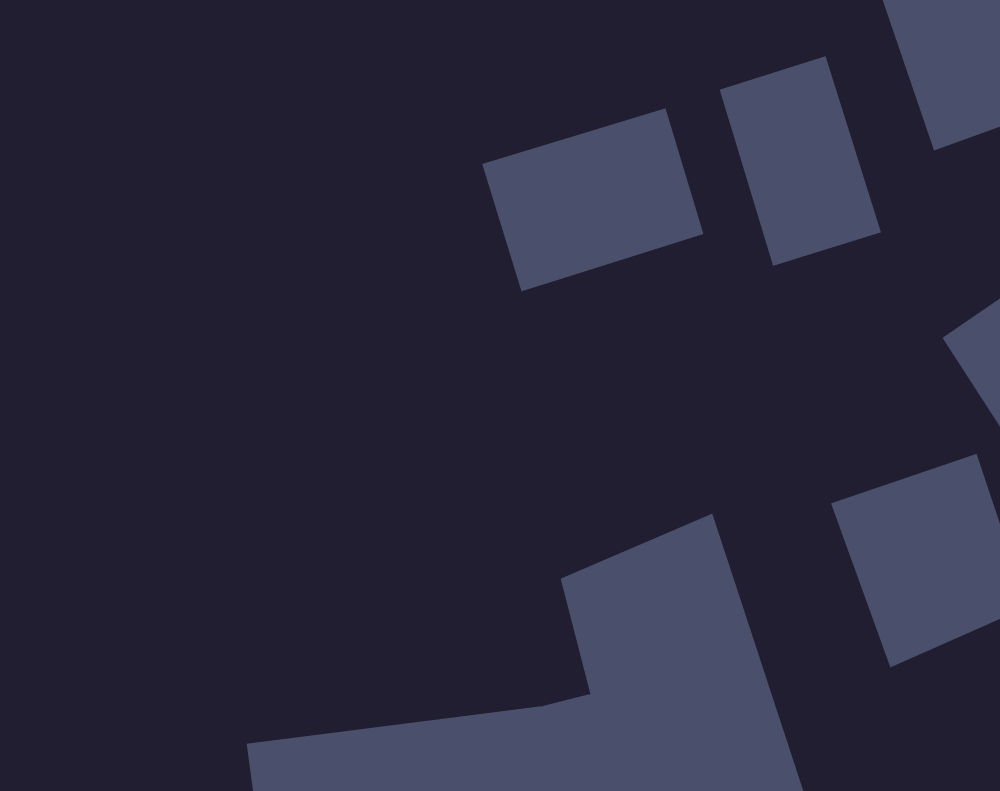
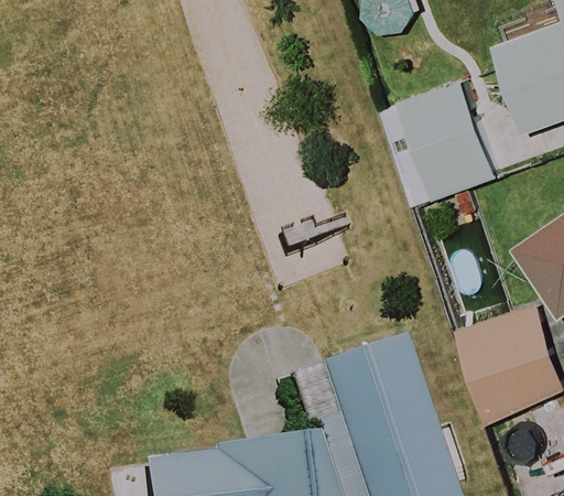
building: [481,108,704,292] -> none

